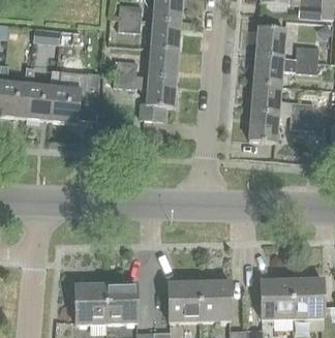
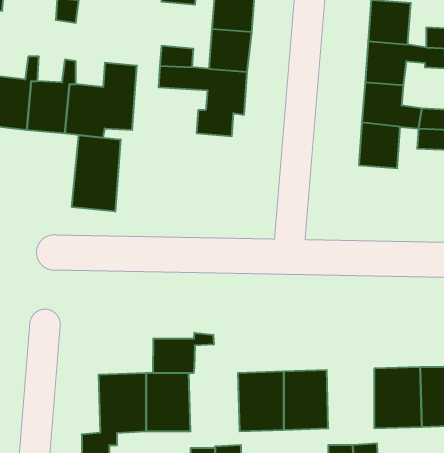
building: none -> [72,135,121,212]
building: none -> [153,333,214,373]

